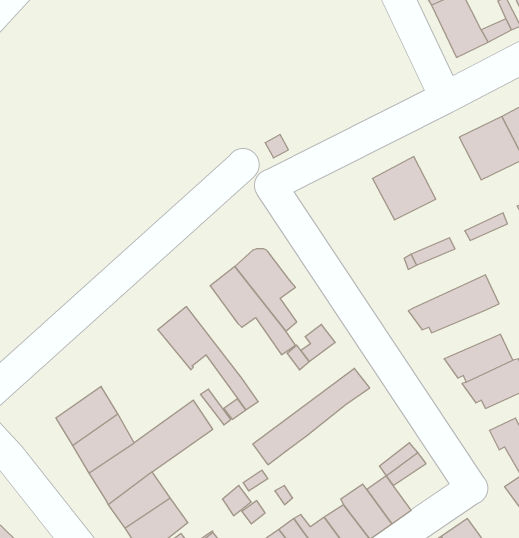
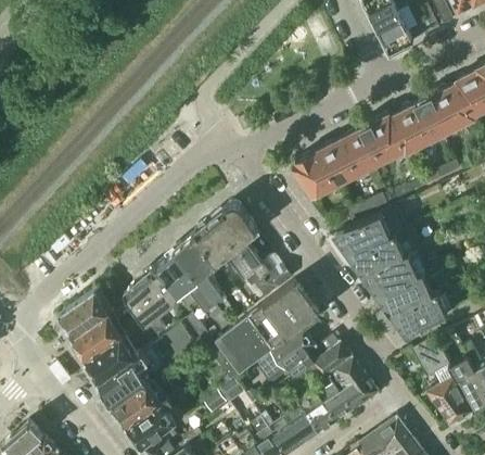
building: none -> [355,115,408,166]
building: none -> [294,150,340,195]
building: none -> [336,206,407,252]
building: none -> [176,235,228,307]
building: none -> [365,254,419,291]
building: none -> [124,269,179,338]
building: none -> [215,282,308,359]
building: none -> [60,290,109,339]
building: none -> [254,328,318,383]
building: none -> [311,342,352,380]
building: none -> [339,375,379,412]

